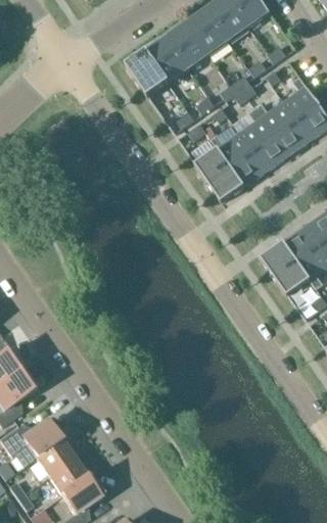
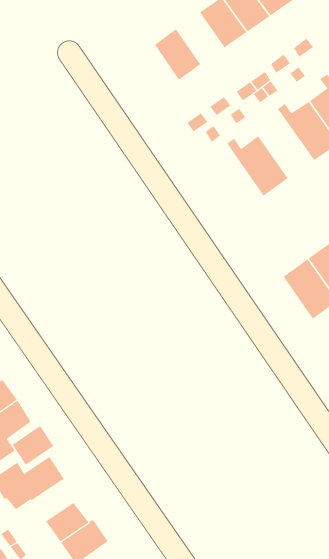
building: [166,21,208,67] -> none
building: [126,50,168,96] -> none
building: [239,107,288,169] -> none
building: [194,147,243,200] -> none
building: [37,438,75,474] -> [12,425,54,465]

